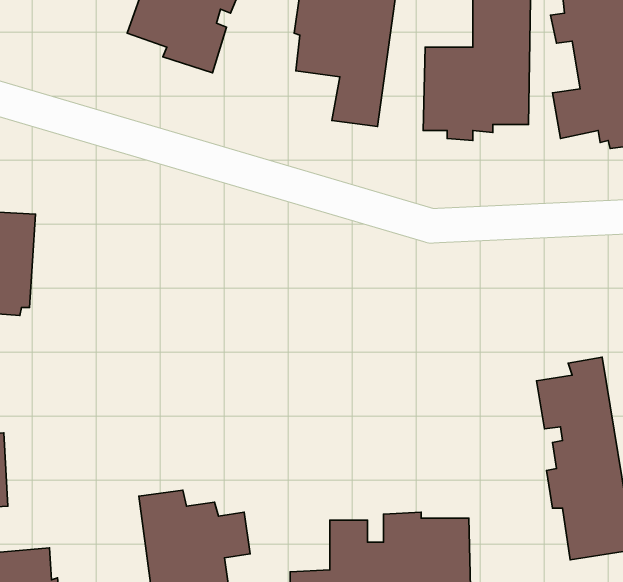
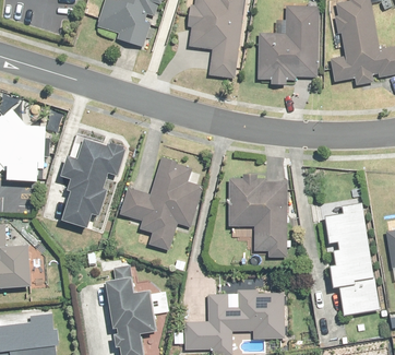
building: none -> [62,141,124,228]
building: none -> [121,159,203,250]
building: none -> [230,174,287,258]

